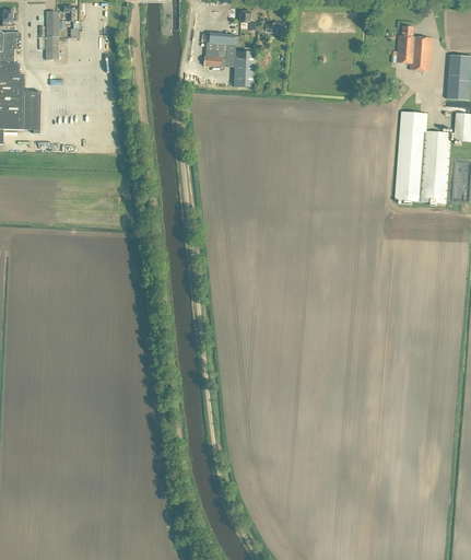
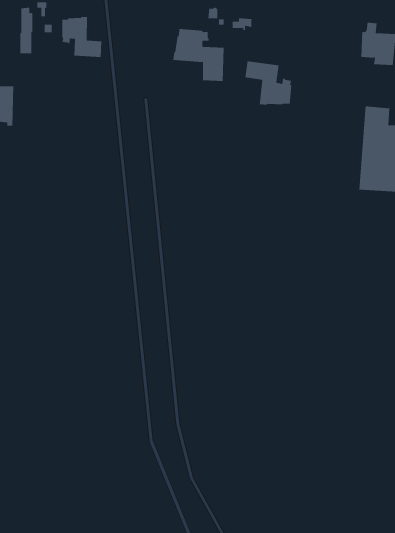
building: none -> [62,16,102,58]
building: none -> [245,61,292,105]

